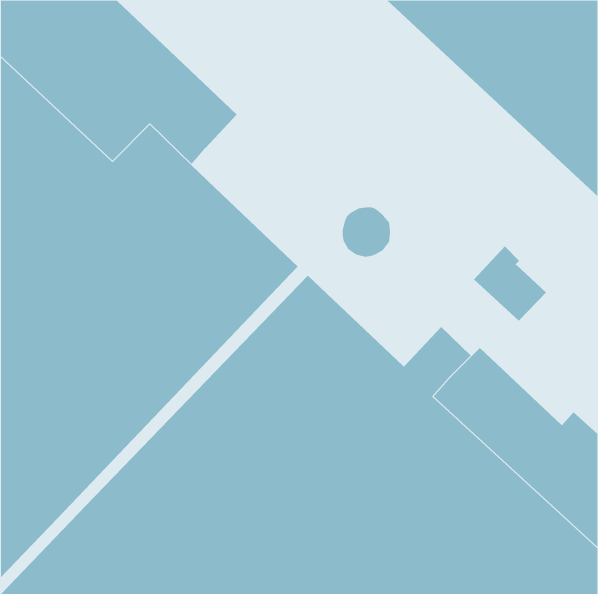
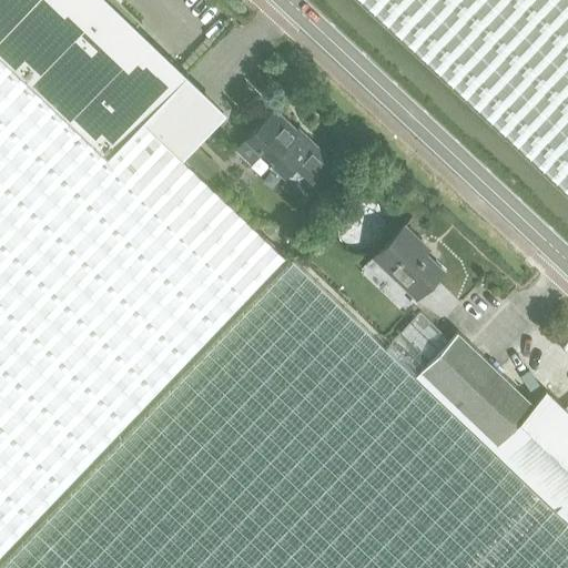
building: none -> [235,112,328,180]
building: [473,246,547,322] -> [372,227,442,300]

